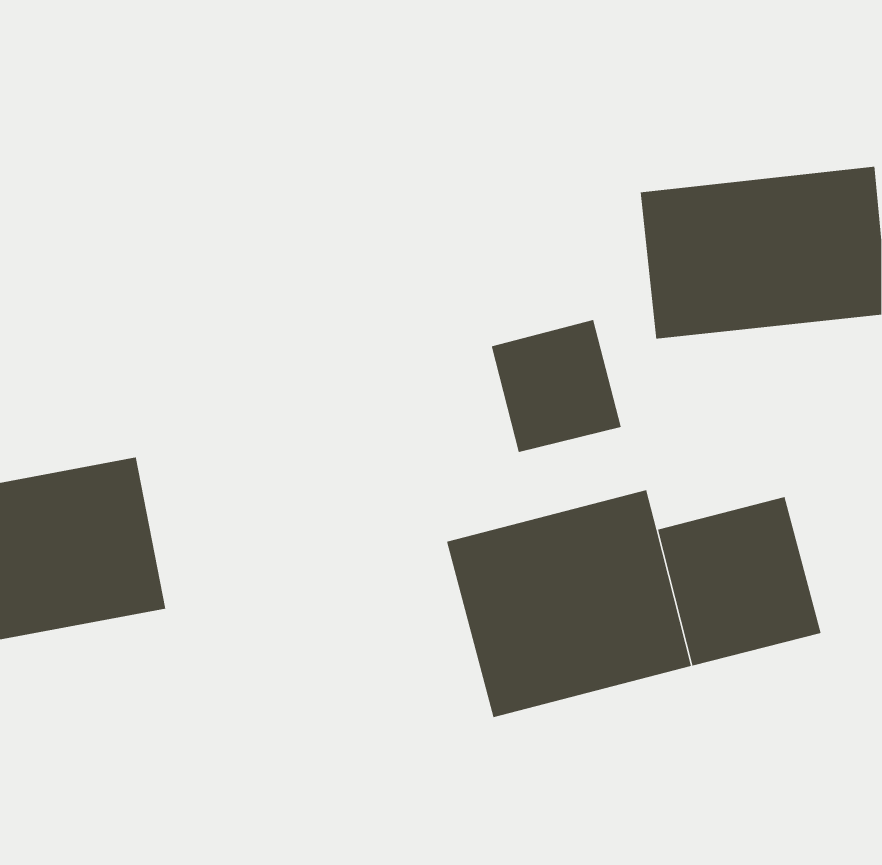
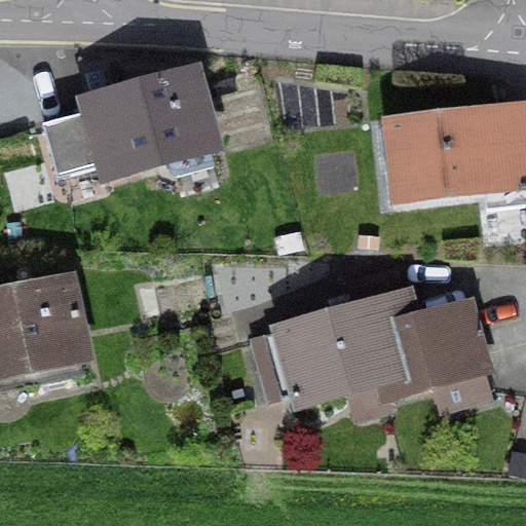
building: none -> [33,52,265,196]
building: [491,319,622,453] -> none

